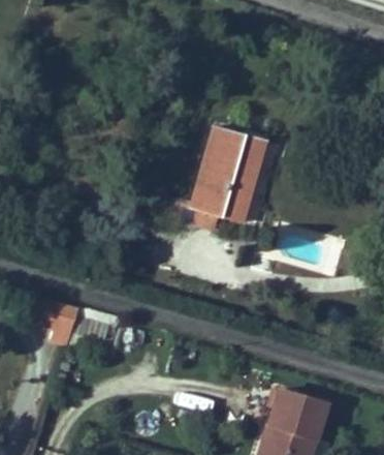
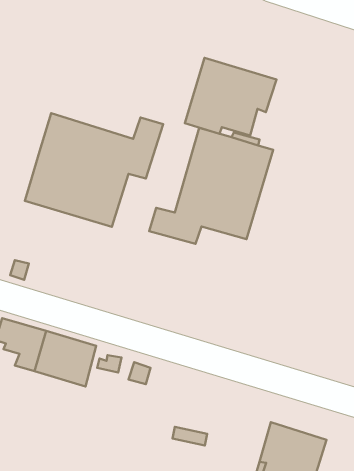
building: none -> [185,58,277,136]
building: none -> [25,113,163,227]

